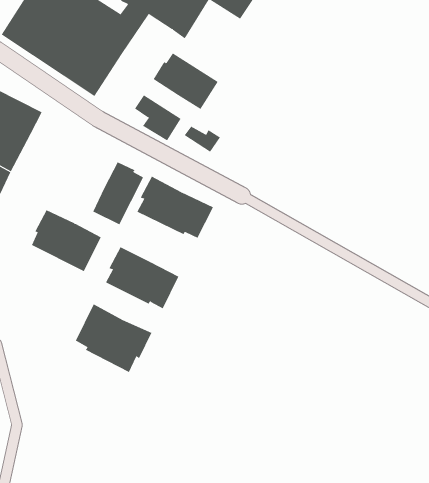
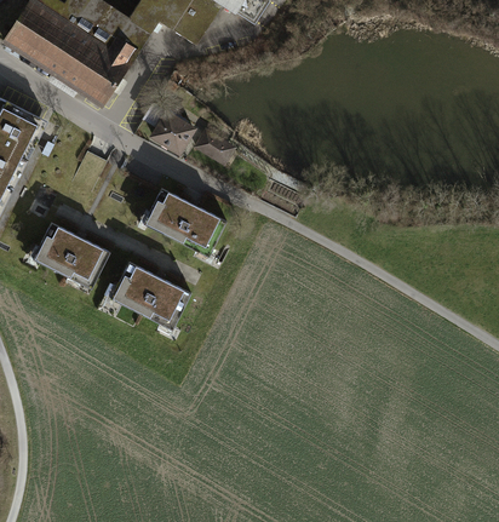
building: [153,53,219,110] -> none
building: [92,161,144,225] -> none
building: [75,303,152,373] -> none

